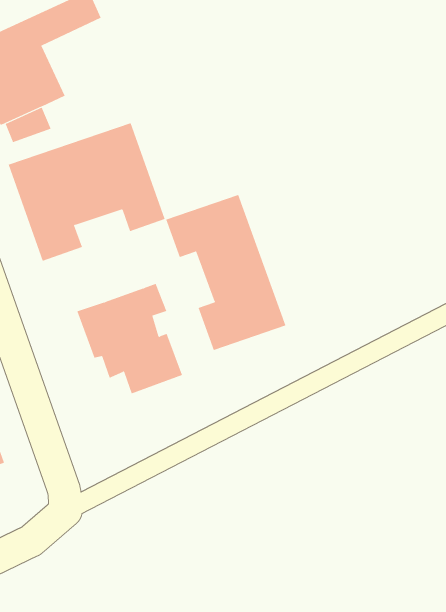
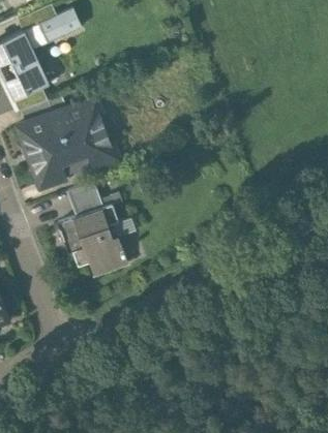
building: [166,194,286,351] -> none
building: none -> [67,181,102,216]

